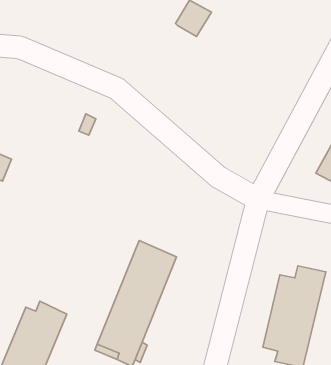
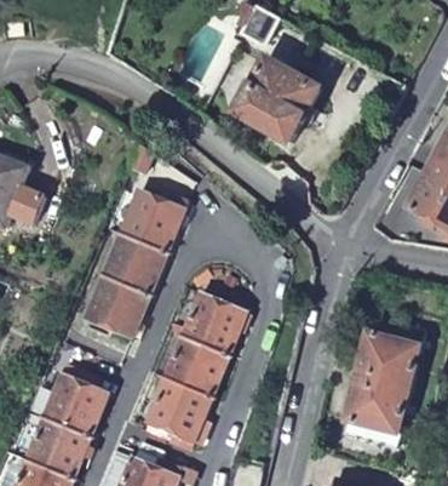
building: none -> [239,59,322,143]
building: none -> [82,185,185,347]

